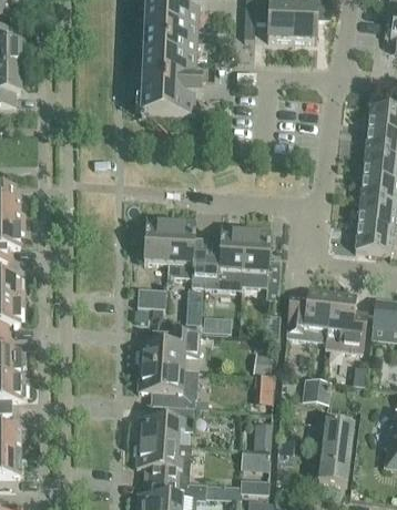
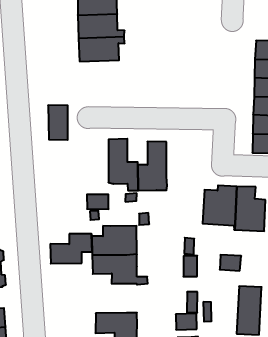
building: [143,216,171,263] -> [48,105,68,140]
building: [242,227,281,300] -> none
building: [138,405,193,443] -> [50,234,92,264]

